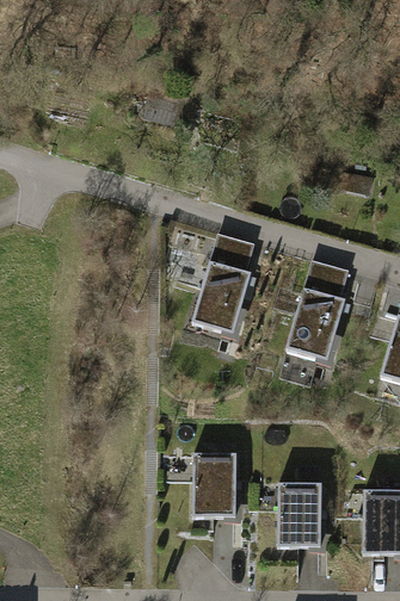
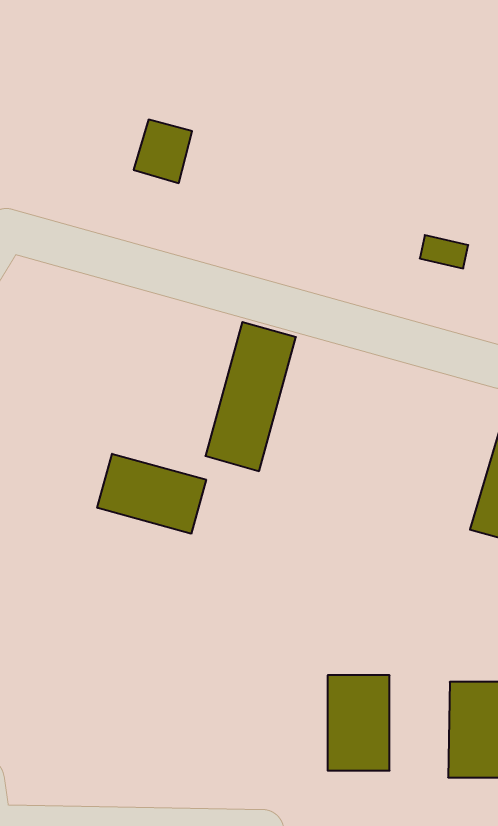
building: [284,260,351,366] -> none
building: none -> [97,454,206,534]
building: [192,454,236,523] -> none

